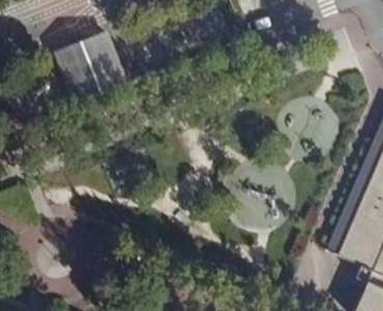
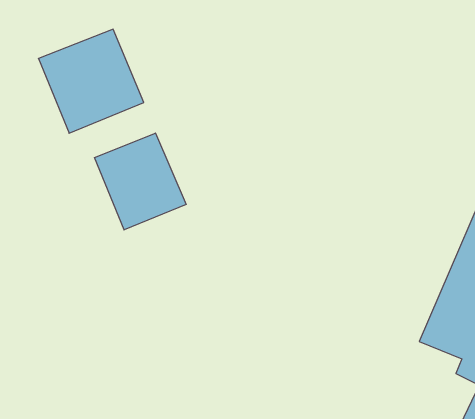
building: none -> [94,133,186,230]

